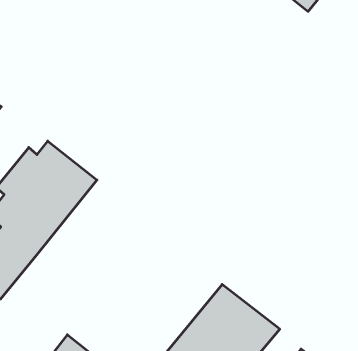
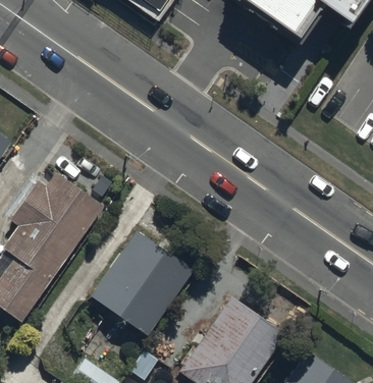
building: none -> [90,234,194,339]

